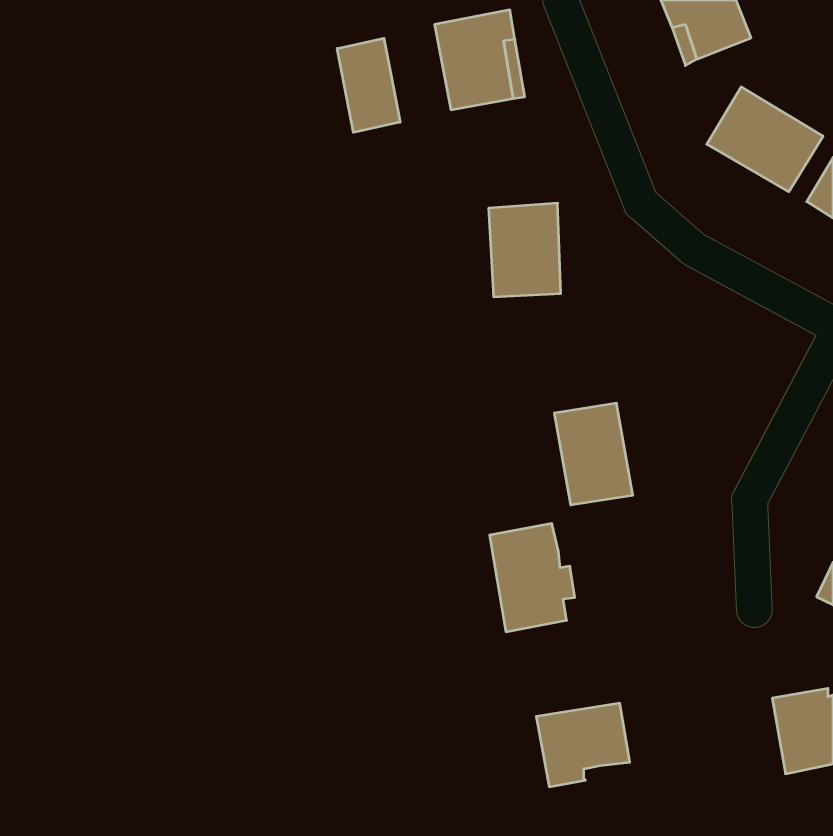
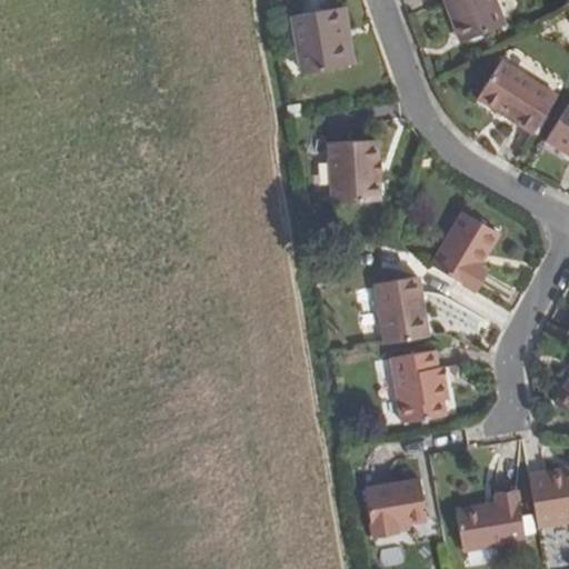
building: [337,38,400,132] -> none
building: none -> [428,212,493,289]
building: [490,524,575,632] -> [392,349,450,422]
building: none -> [452,489,522,549]

